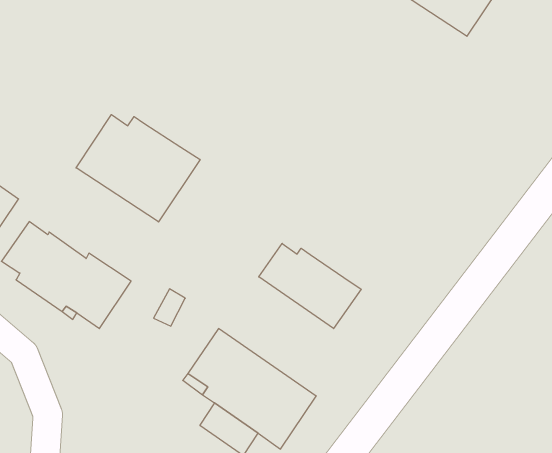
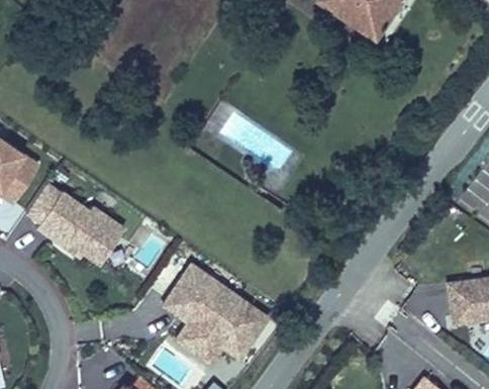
building: [76,115,200,222] -> none
building: [259,243,361,329] -> none

